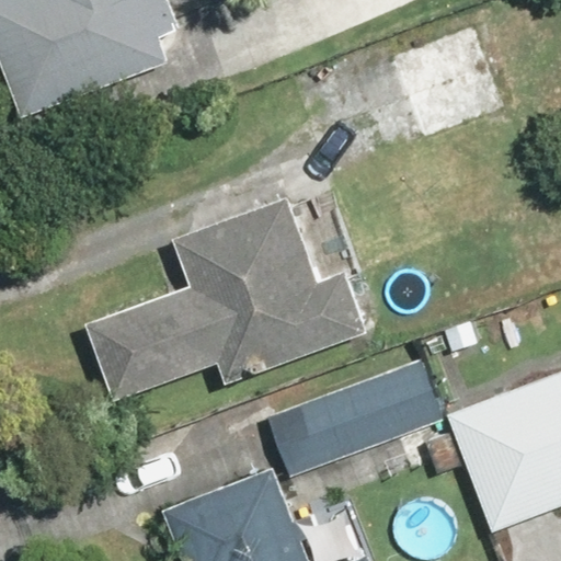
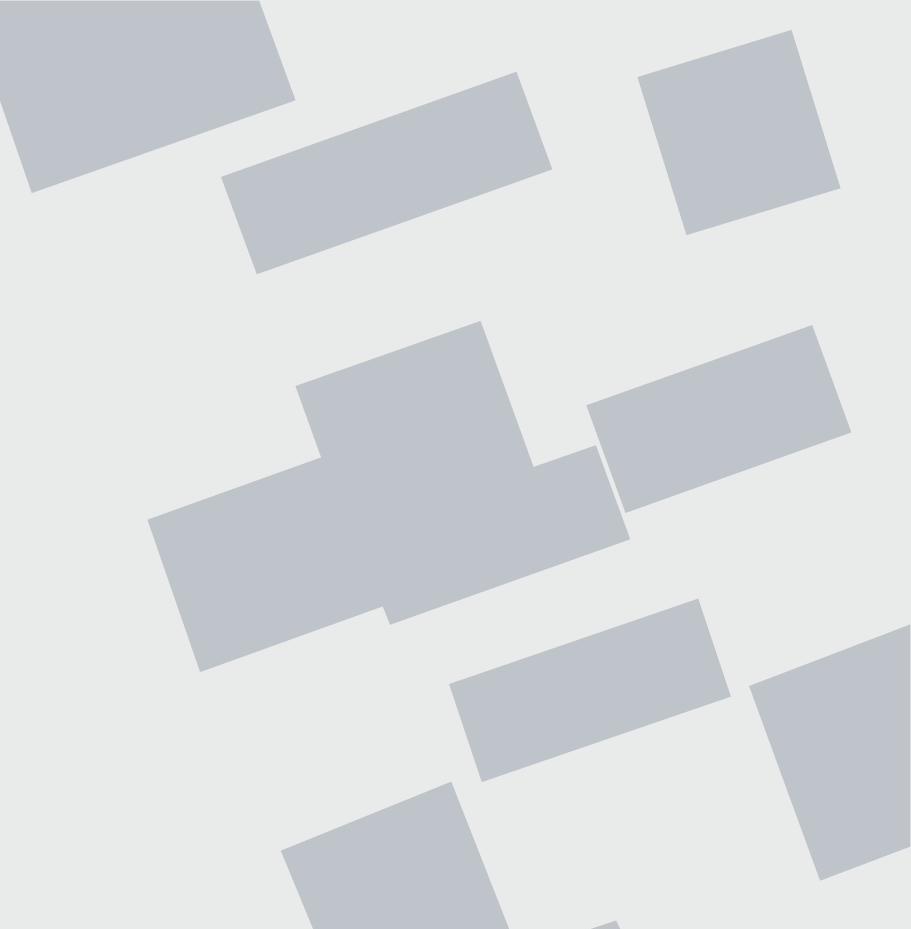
building: none -> [220,71,553,275]
building: none -> [585,324,852,514]

